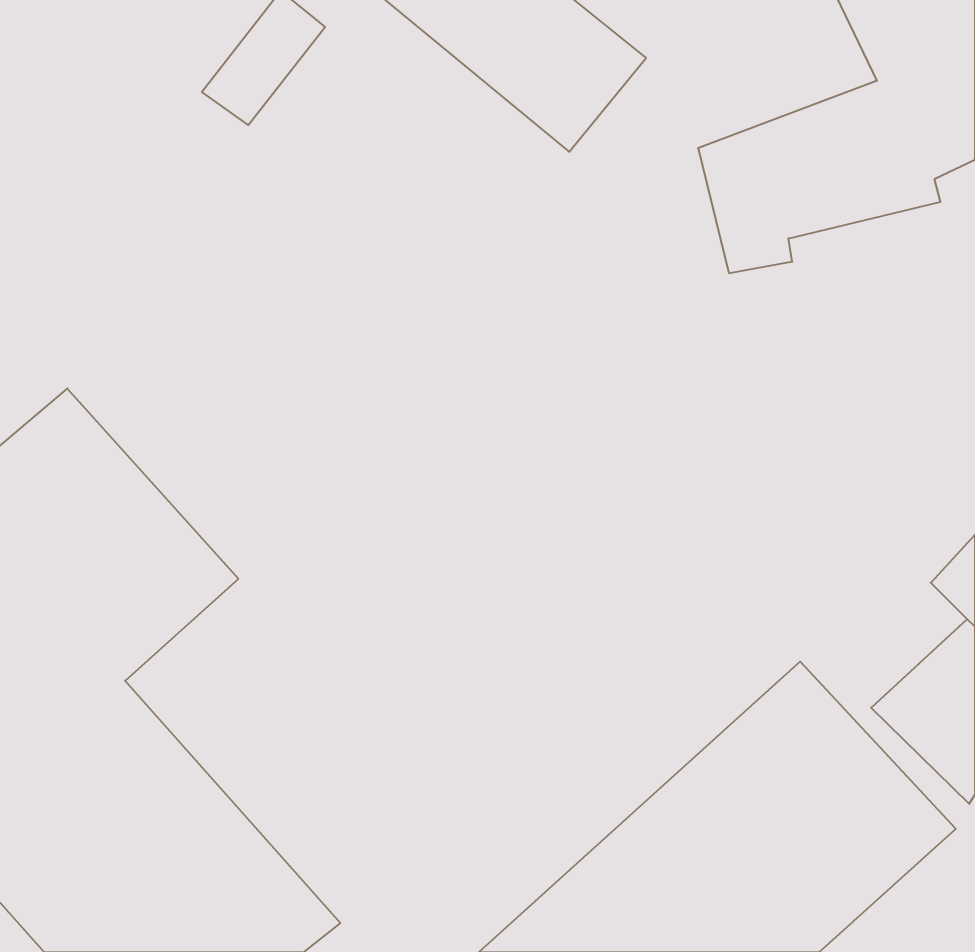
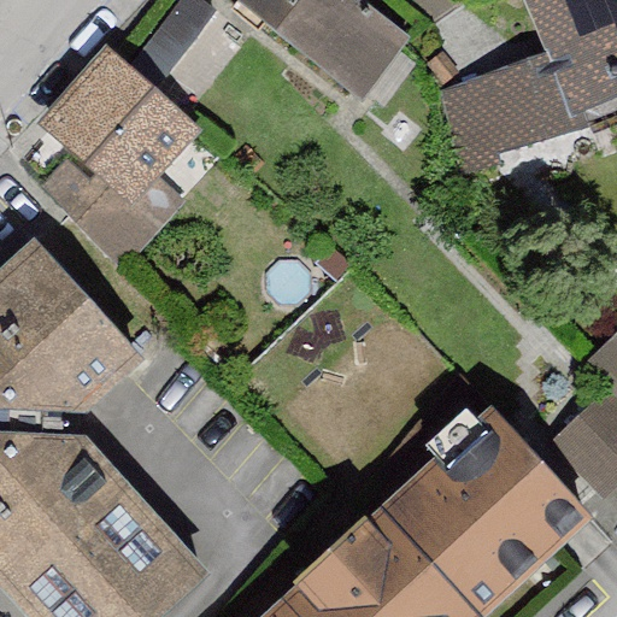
building: none -> [40,53,199,266]

